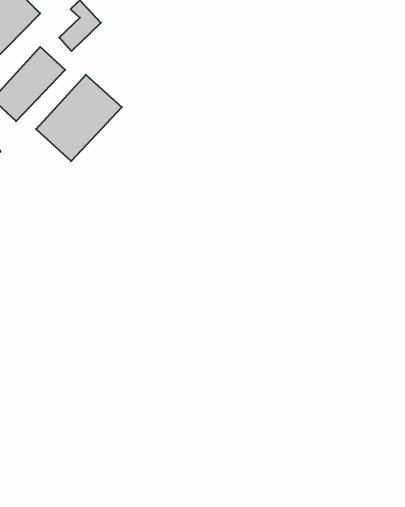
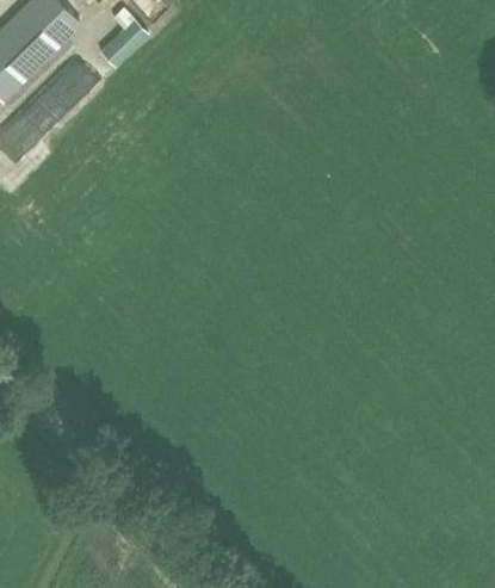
building: [36,75,122,161] -> none

